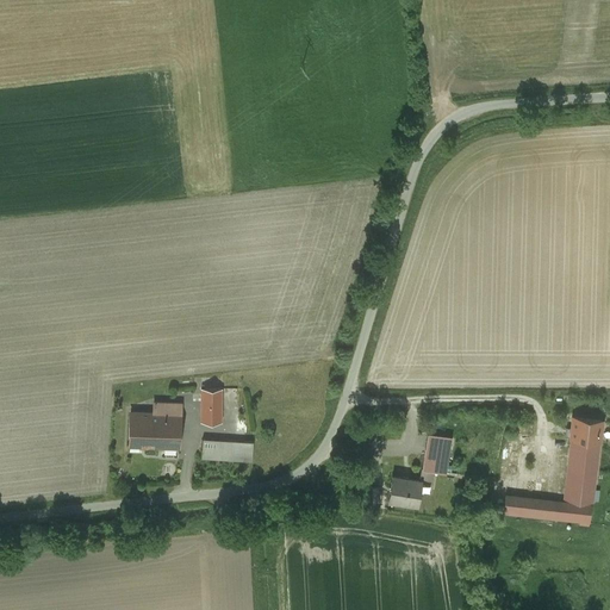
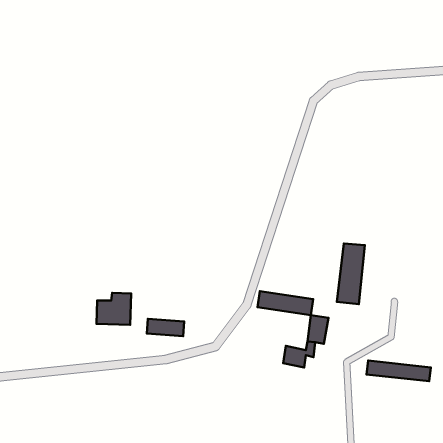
building: [201,388,223,423] -> none
building: none -> [258,291,313,315]
building: [565,418,603,502] -> [337,243,365,304]

